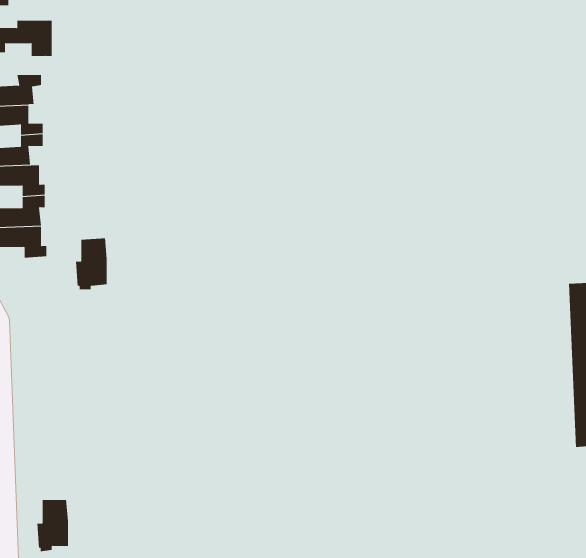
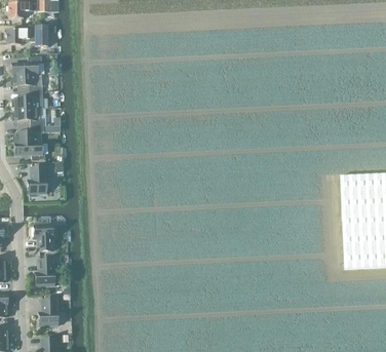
building: [75,238,108,290] -> [28,165,46,195]
building: none -> [34,221,52,250]
building: none -> [36,258,54,287]

